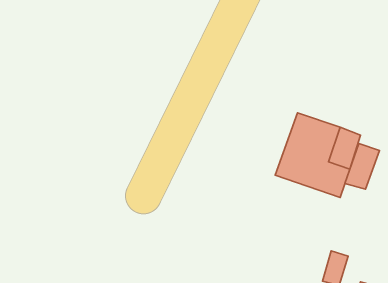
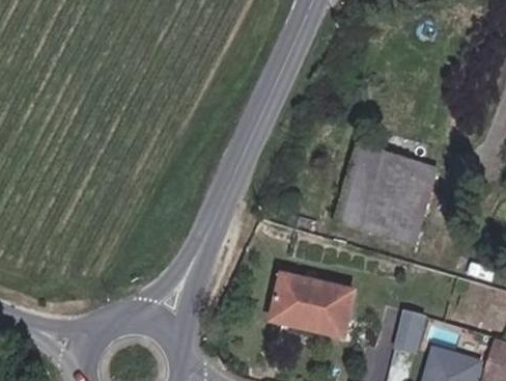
building: [345,143,379,189] -> none
building: none -> [272,274,355,339]

